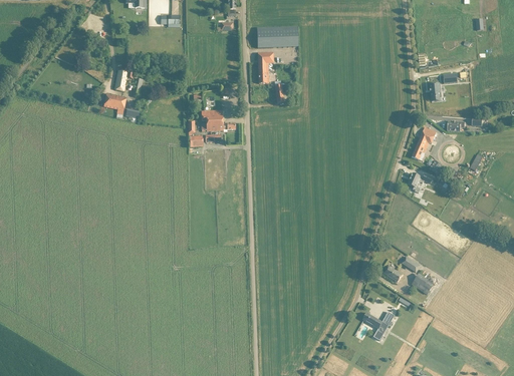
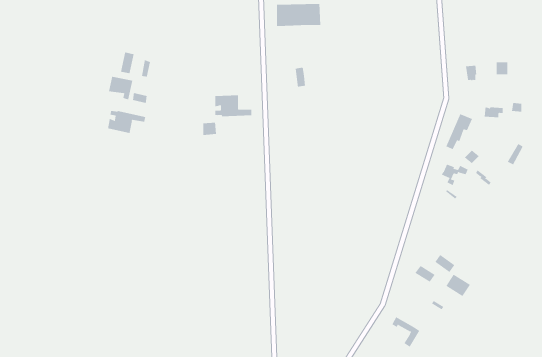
building: [258,52,273,83] -> none
building: none -> [107,109,146,134]

